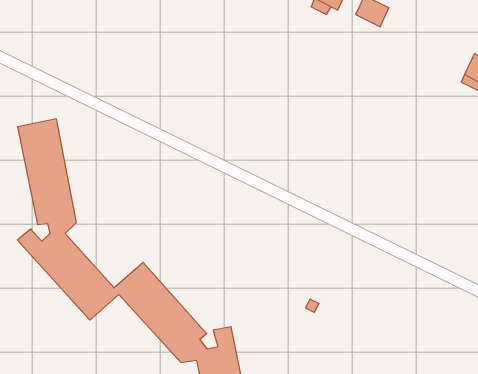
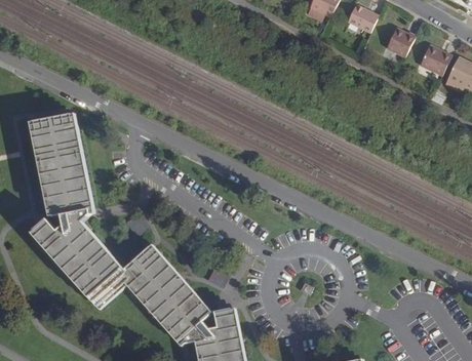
building: none -> [385,27,415,56]
building: none -> [419,44,449,75]

